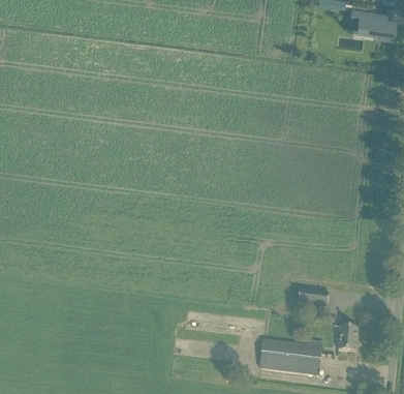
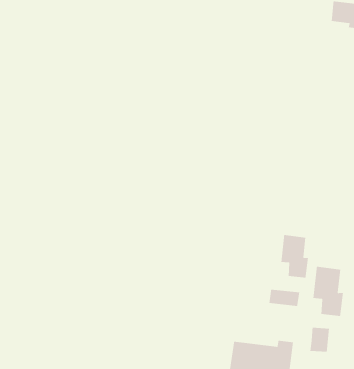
building: none -> [280,234,309,278]
building: none -> [313,266,344,317]

